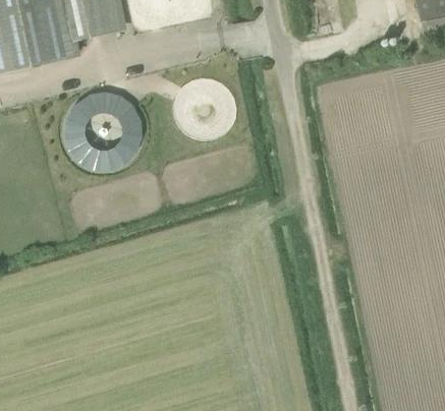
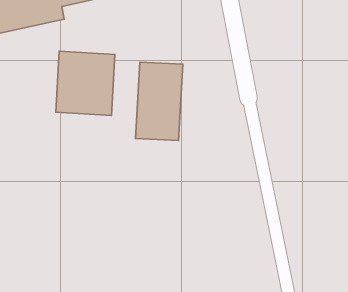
building: none -> [136,62,183,141]

